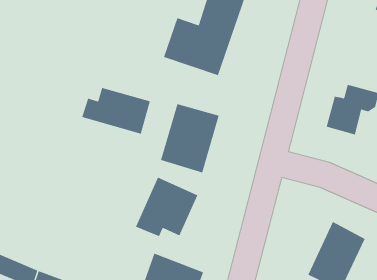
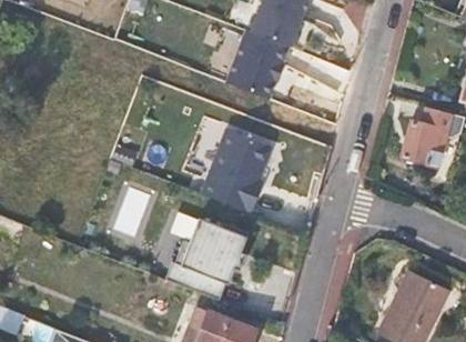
building: [82,87,150,135] -> none

